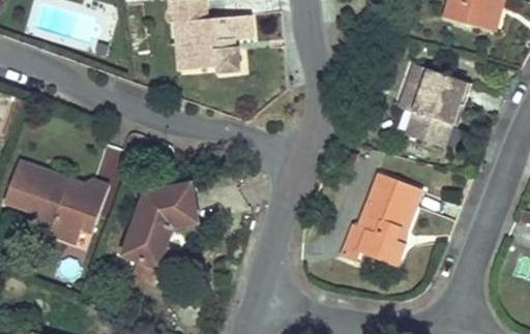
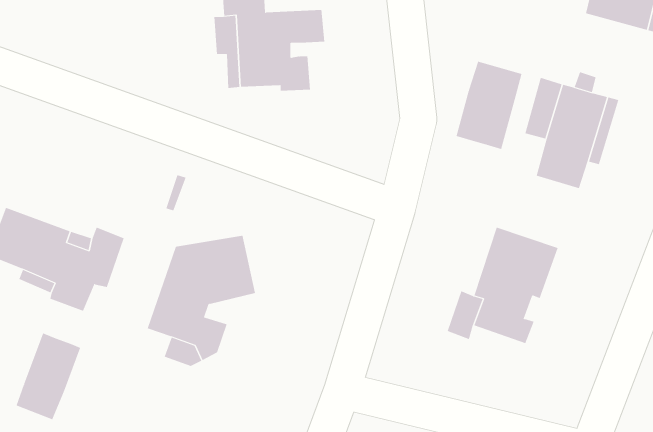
building: none -> [456,61,522,150]
building: none -> [16,333,81,420]

